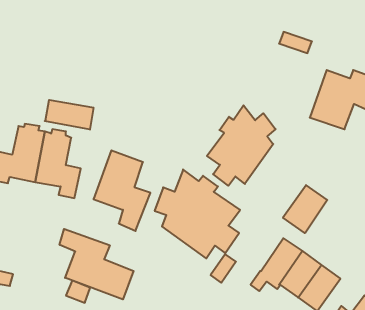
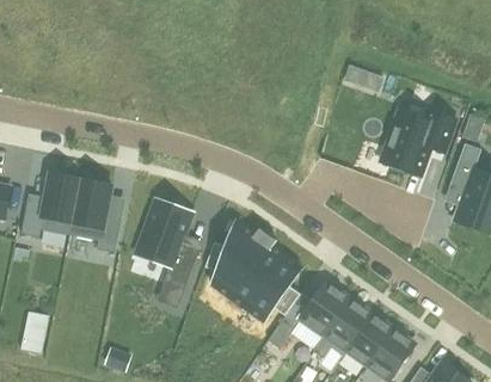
building: [45,100,93,130] -> none
building: [207,105,276,186] -> none
building: [283,185,327,233] -> [300,282,350,335]
building: [60,229,134,299] -> none

